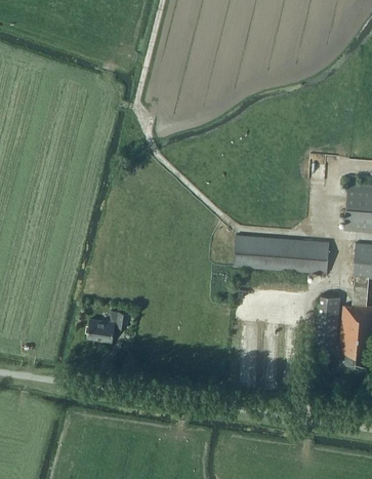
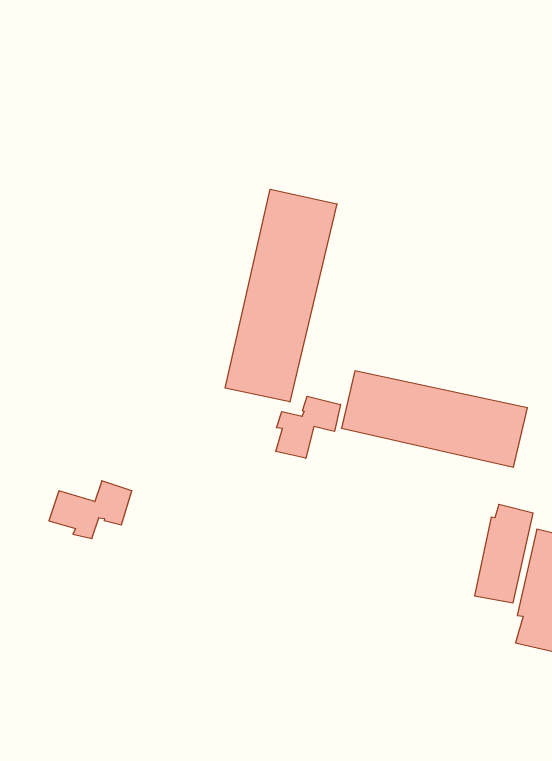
building: none -> [225,189,337,402]
building: none -> [276,396,340,458]

